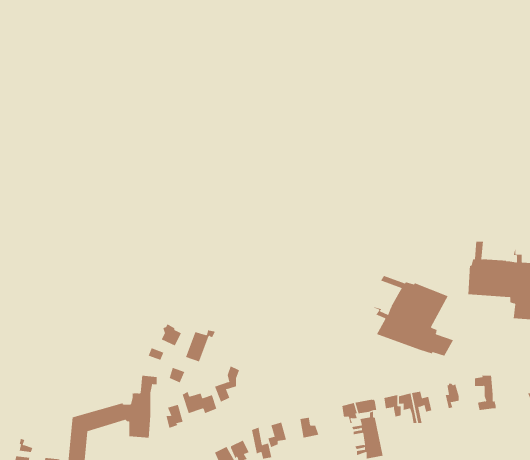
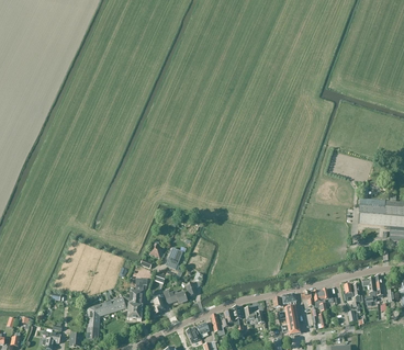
building: [373,275,454,357] -> none

